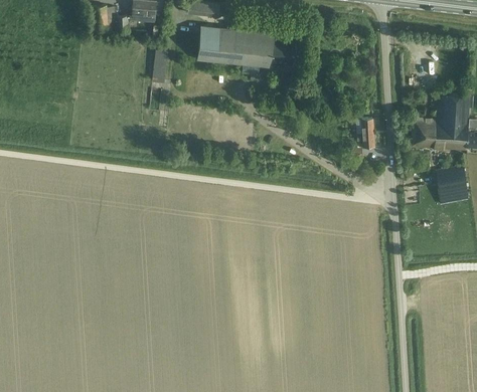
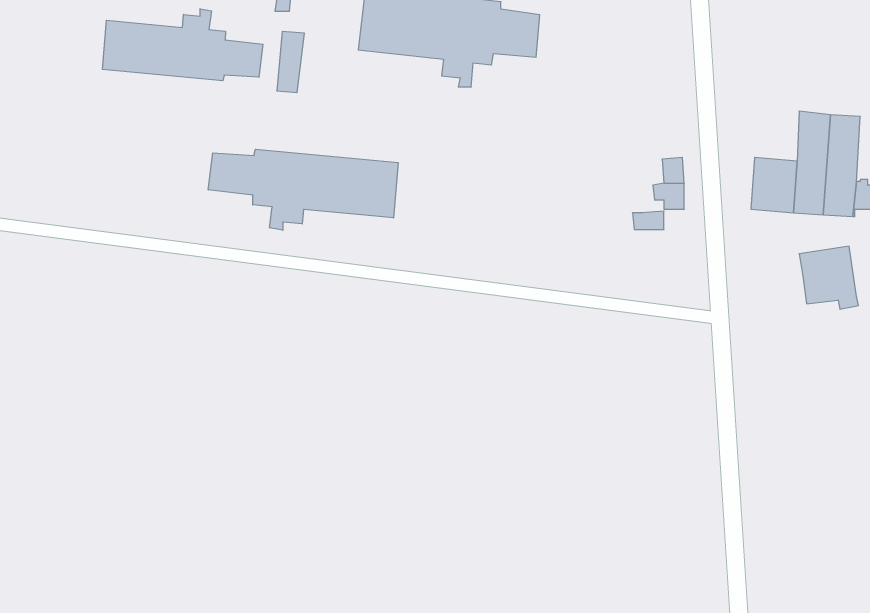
building: none -> [102,9,263,81]
building: none -> [208,149,398,230]

